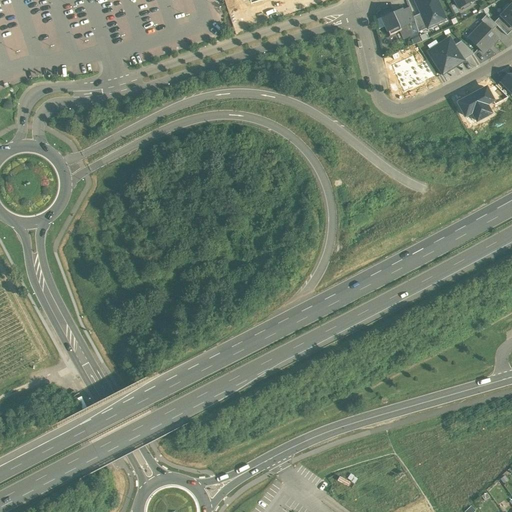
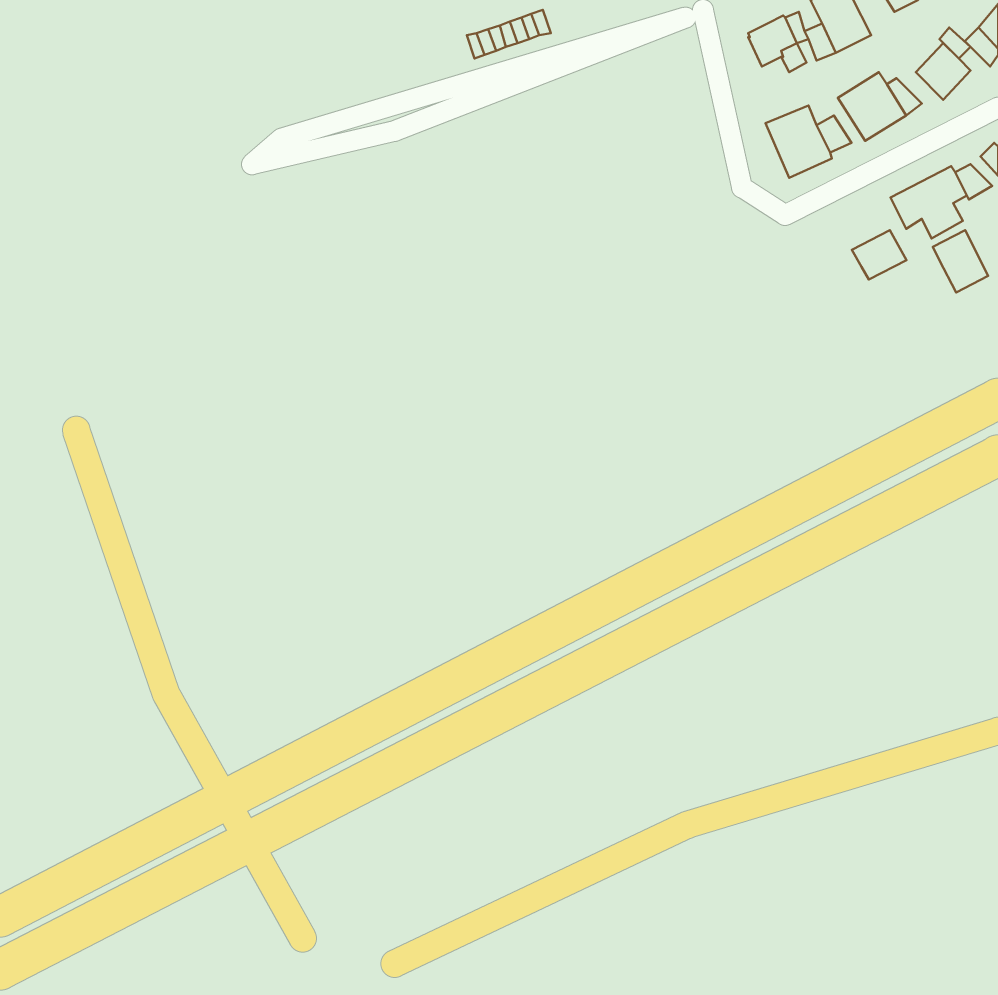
building: none -> [933,230,988,293]
building: none -> [852,230,907,280]

